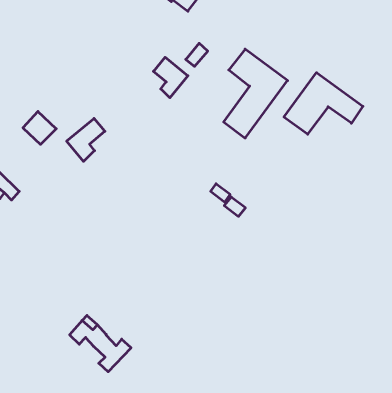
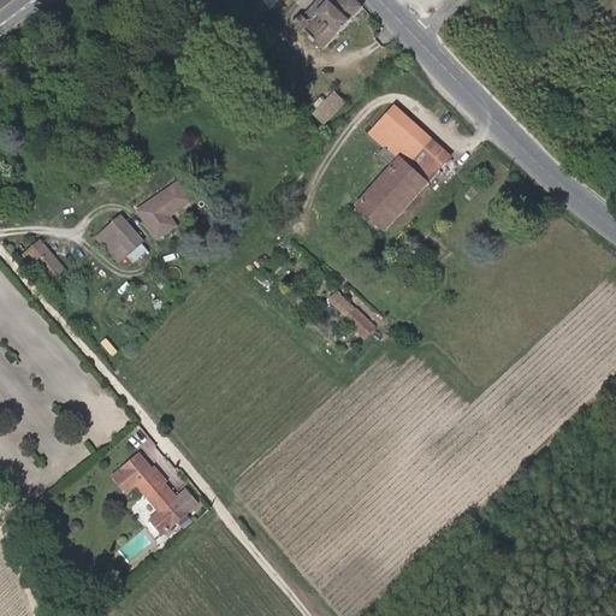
building: [153,57,188,98] -> none
building: [284,73,363,134] -> none
building: [23,111,56,144] -> [96,215,142,261]

